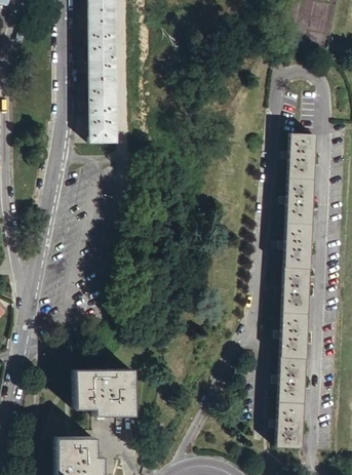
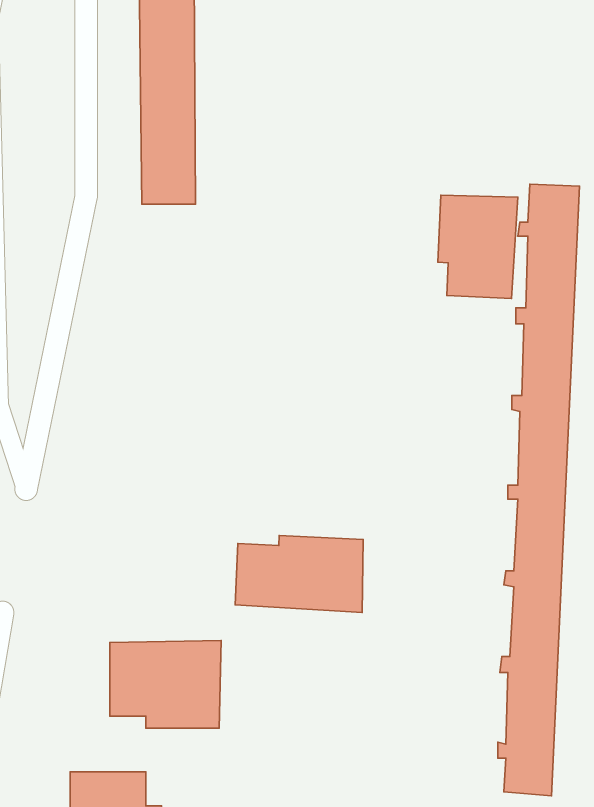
building: none -> [438,195,518,298]
building: none -> [235,536,363,612]

